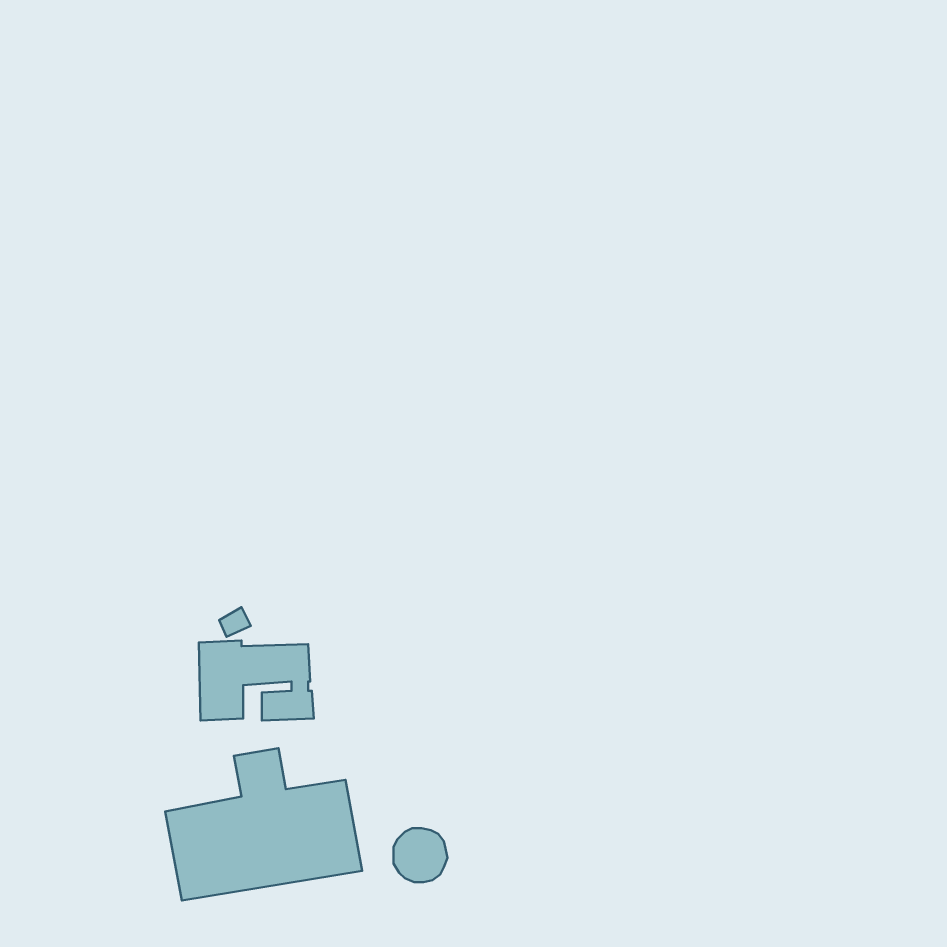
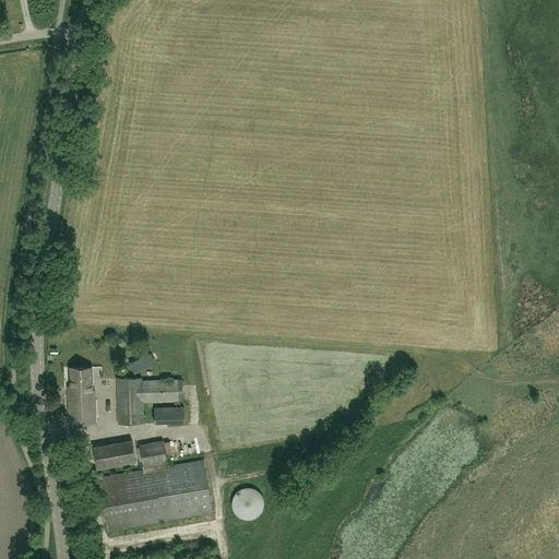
building: none -> [68,367,95,425]
building: none -> [93,441,135,469]

